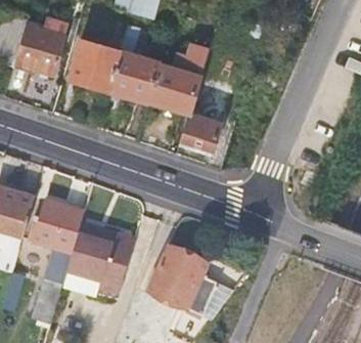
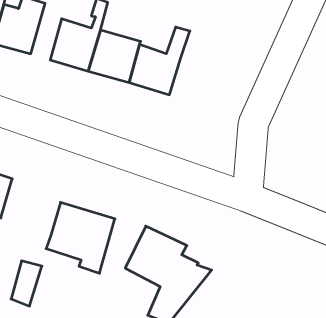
building: [181,116,222,152] -> none
building: [32,203,83,255] -> none

